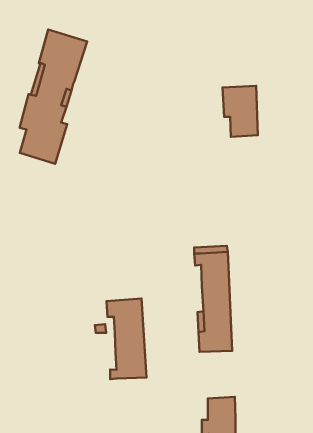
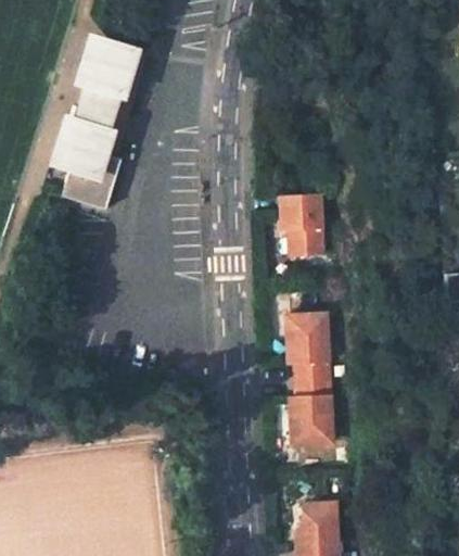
building: [222,86,258,137] -> [277,192,321,256]
building: [106,299,147,379] -> none

